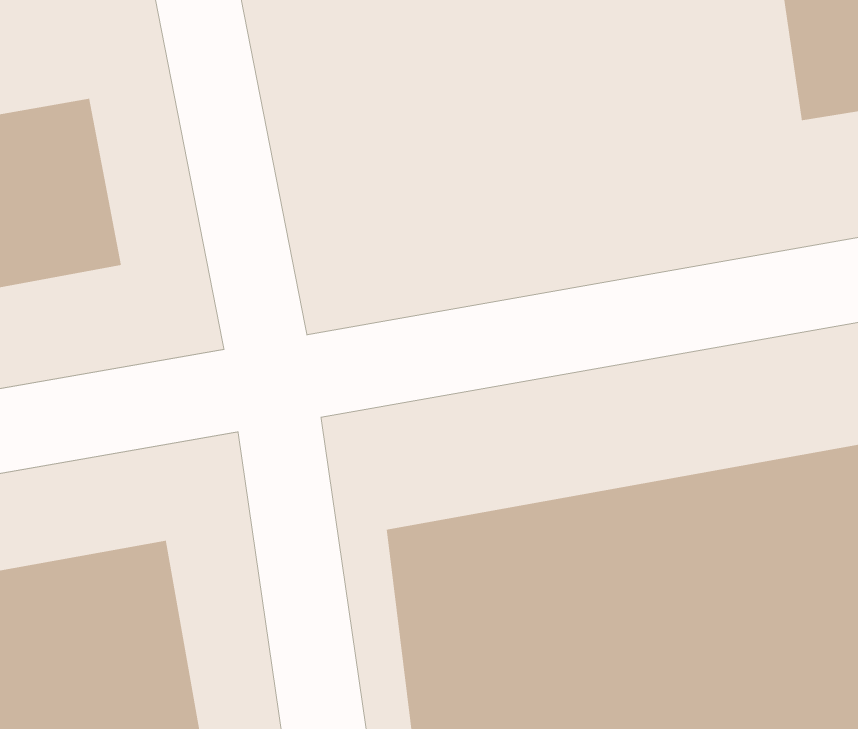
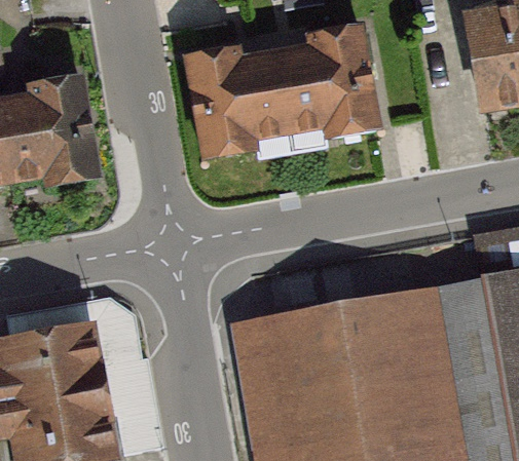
building: none -> [194,28,376,143]

